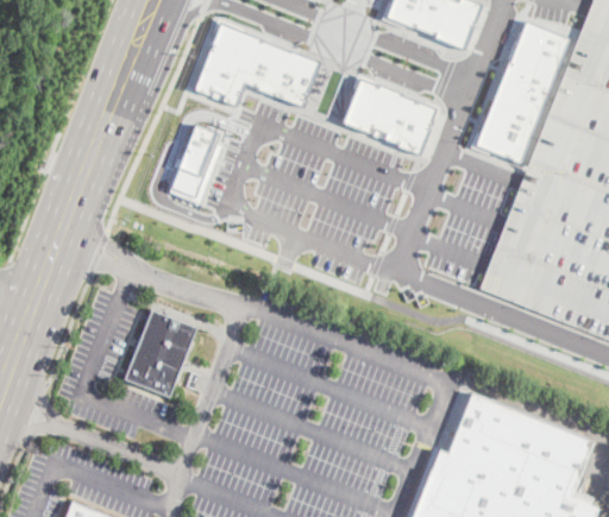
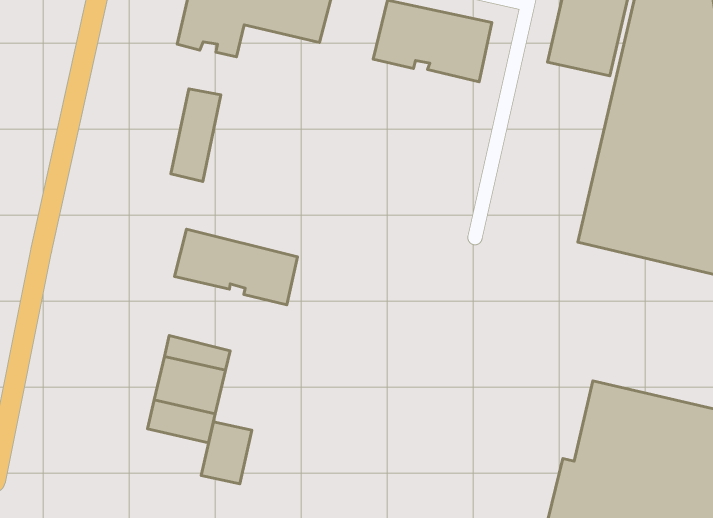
building: none -> [174,229,298,305]
building: none -> [201,422,252,484]

